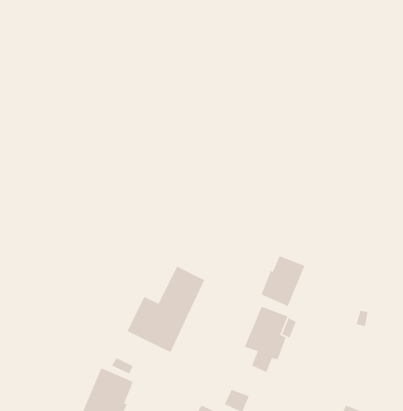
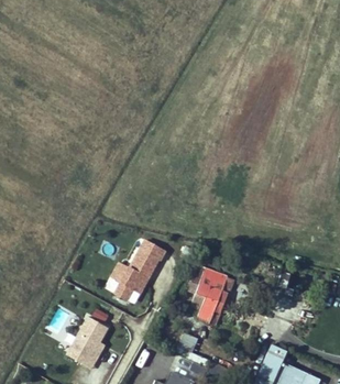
building: [260,255,305,307] -> none

